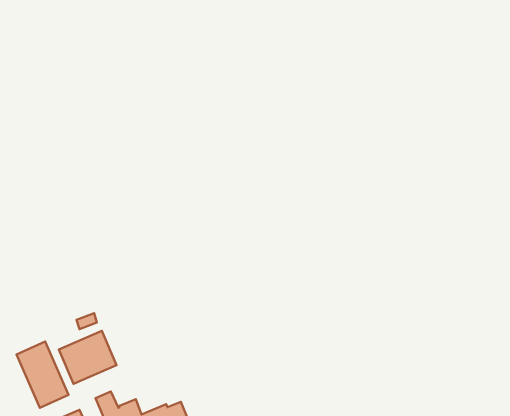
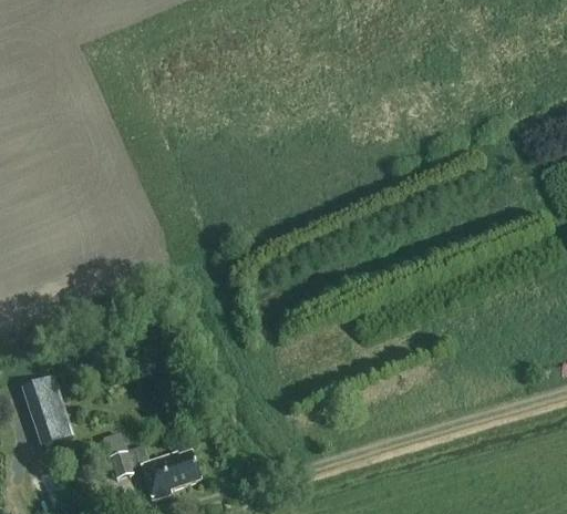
building: [59,331,116,384] -> none

